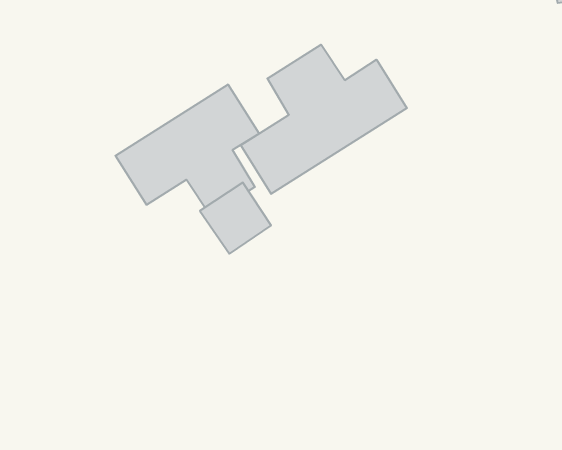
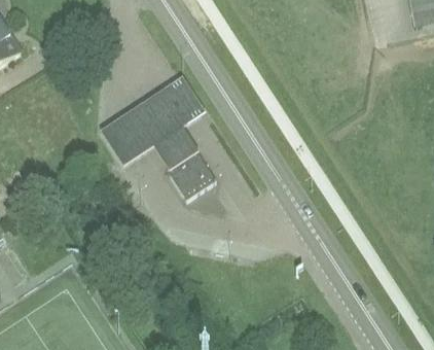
building: [241,45,407,194] -> none

